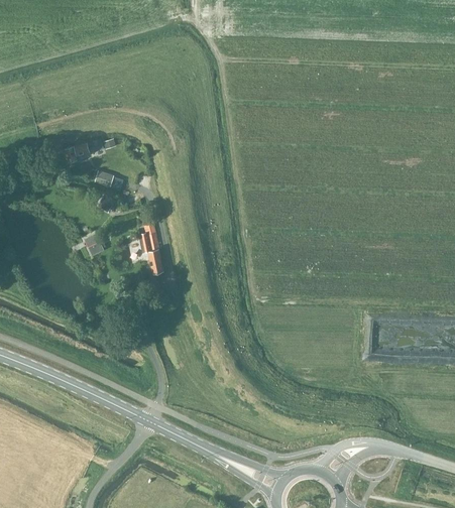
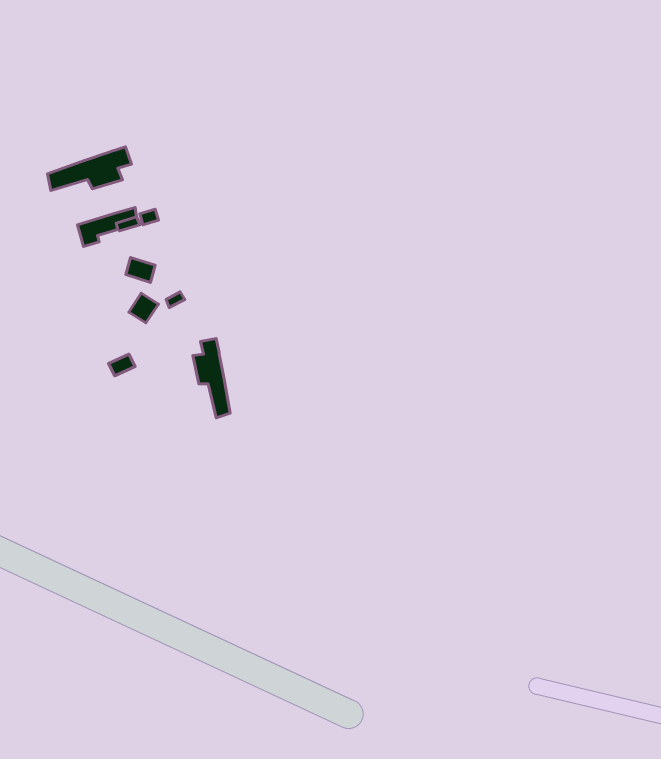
building: none -> [47,147,131,190]

